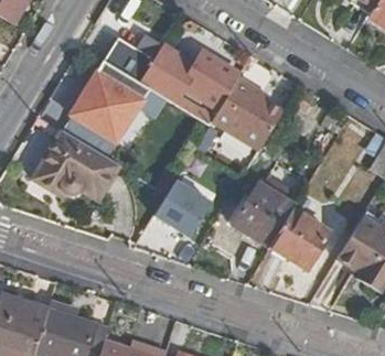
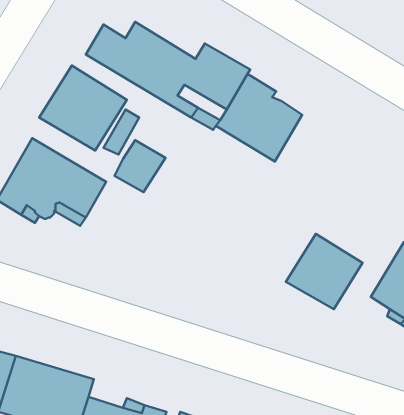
building: [162,177,203,219] -> [115,140,165,192]
building: [231,184,293,248] -> none

